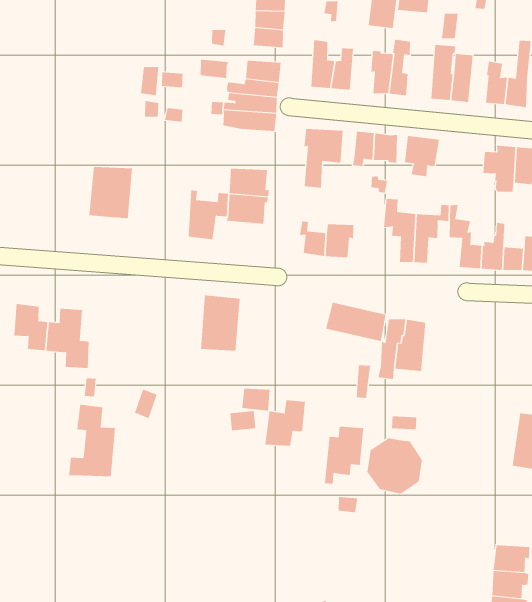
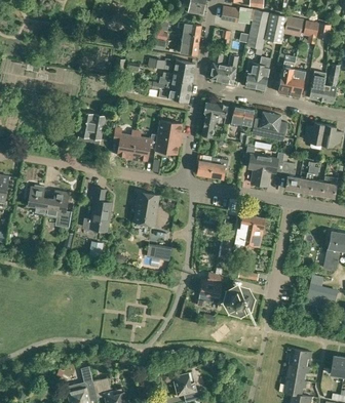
building: none -> [113,128,137,158]
building: [326,302,386,342] -> none
building: [265,400,306,447] -> none
building: [68,404,116,477] -> [82,188,112,231]

